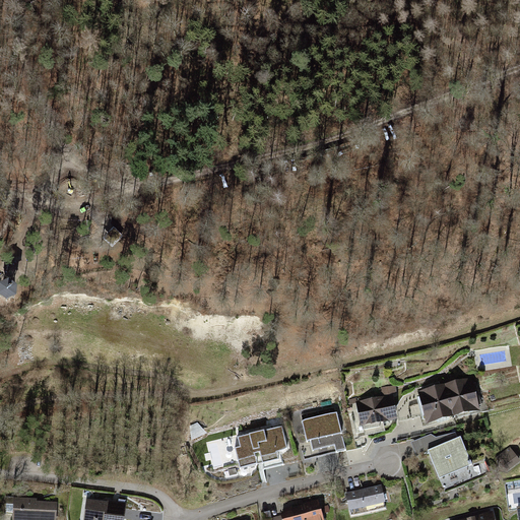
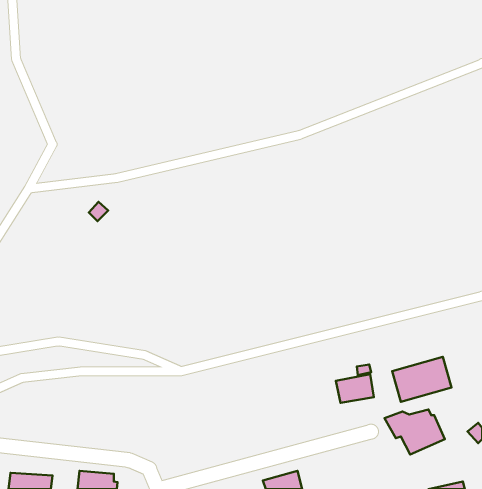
building: [302,413,345,454] -> none
building: [234,426,287,471] -> none
building: [345,485,387,513] -> none

